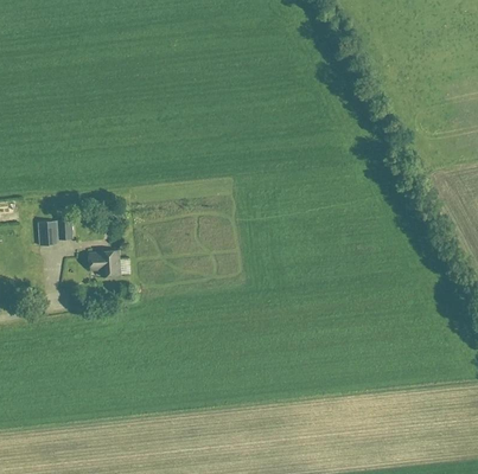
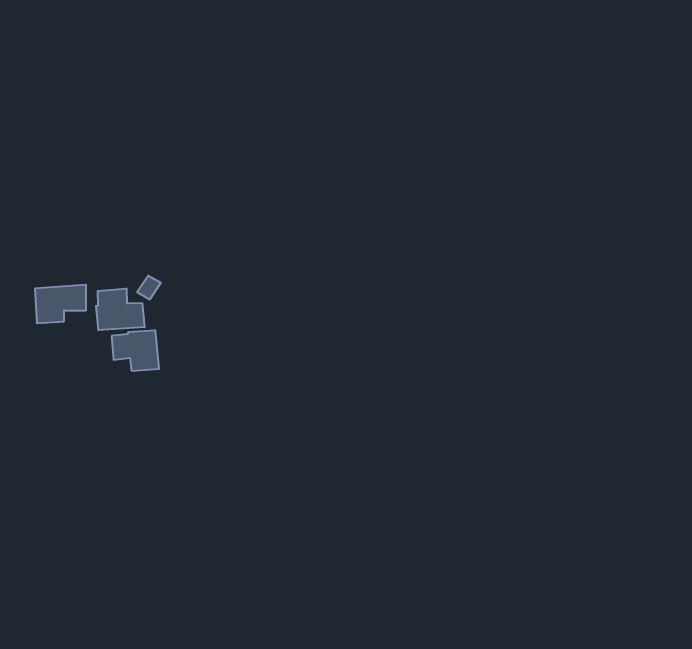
building: none -> [96,288,145,330]

